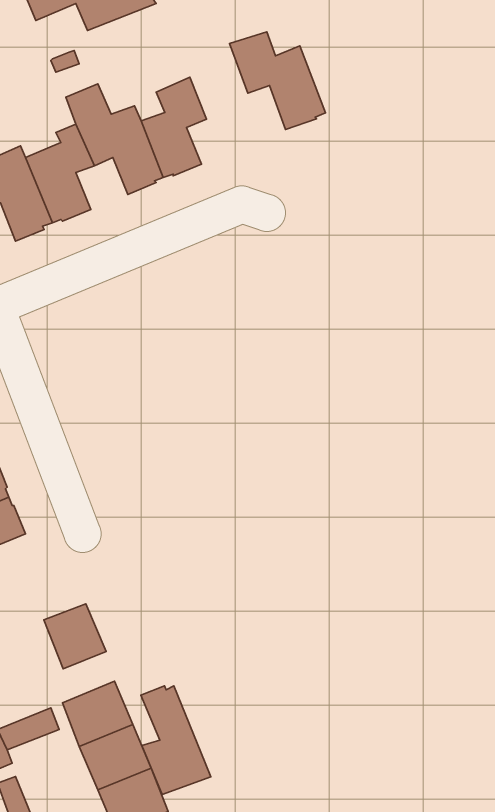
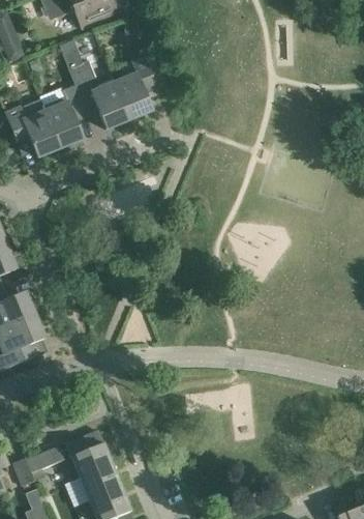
building: [229,32,326,130] -> none
building: [44,604,106,669] -> none
building: [141,686,211,795] -> none

